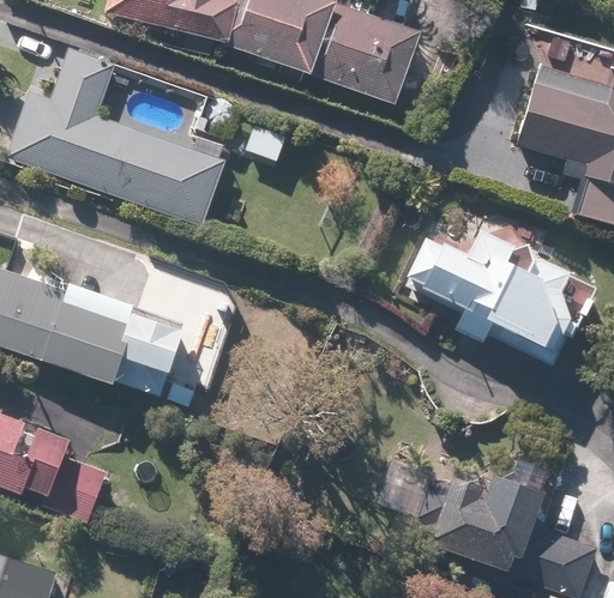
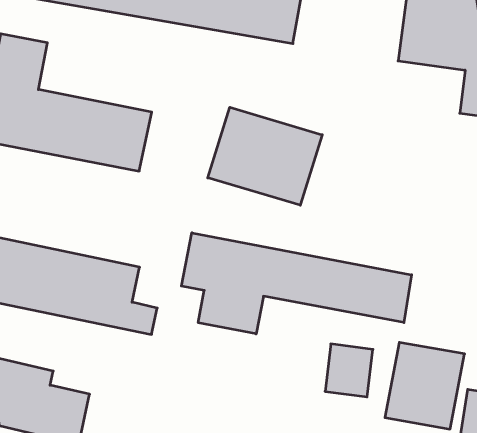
building: none -> [208,107,322,205]
building: [404,210,562,350] -> none
building: none -> [181,233,412,334]

